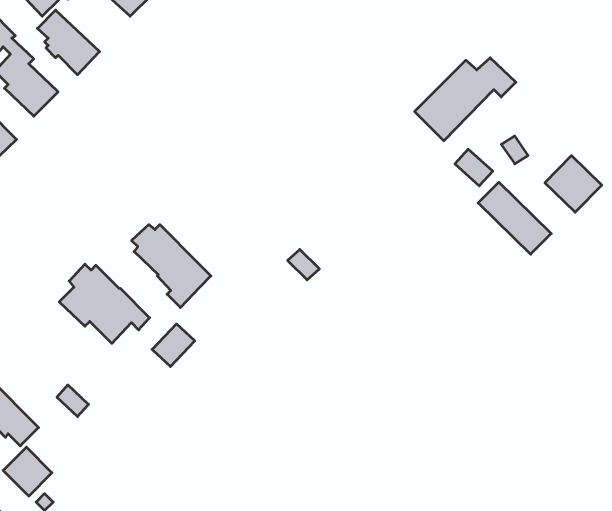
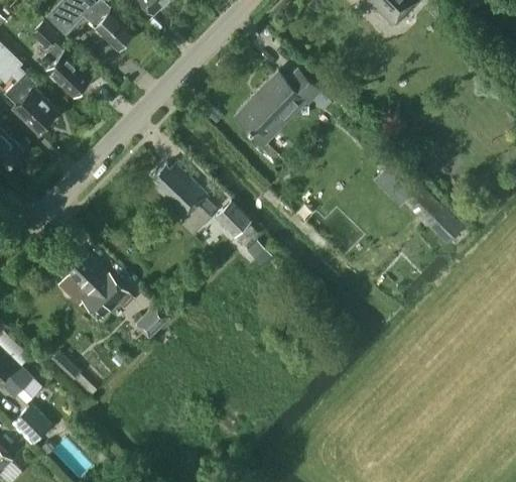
building: [415,58,516,141] -> [236,72,319,140]
building: [545,156,602,212] -> none
building: none -> [216,203,258,249]
building: [132,225,211,308] -> [152,165,218,234]

